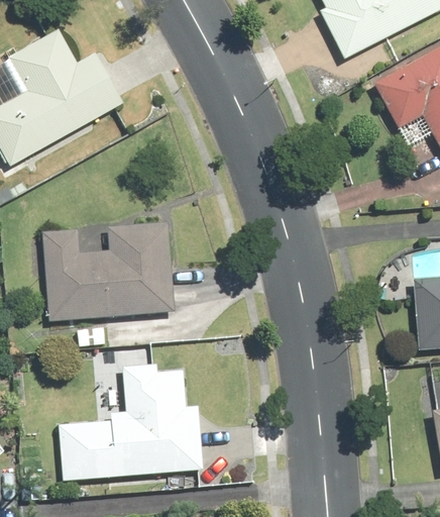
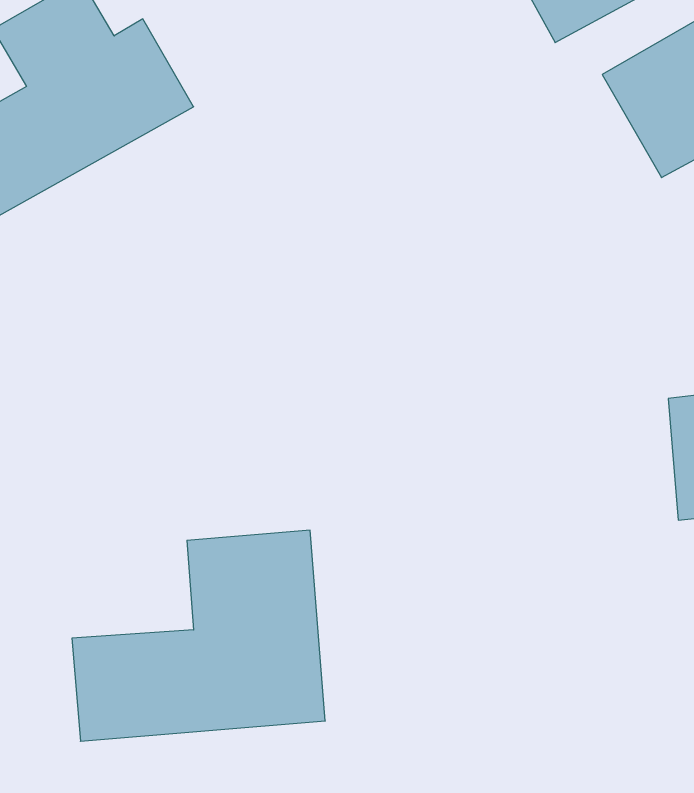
building: [37,216,179,321] -> none

